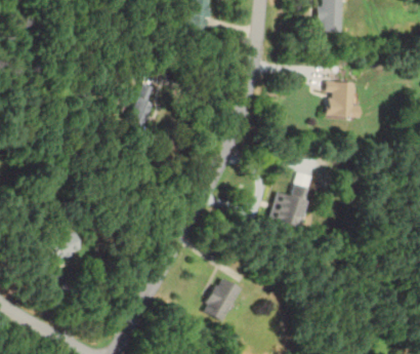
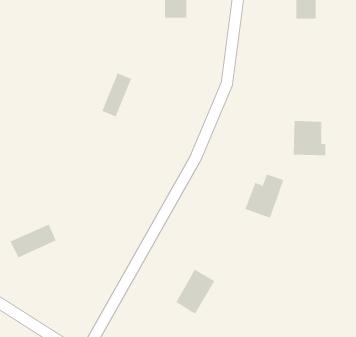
building: [325,81,358,116] -> [293,121,326,156]

